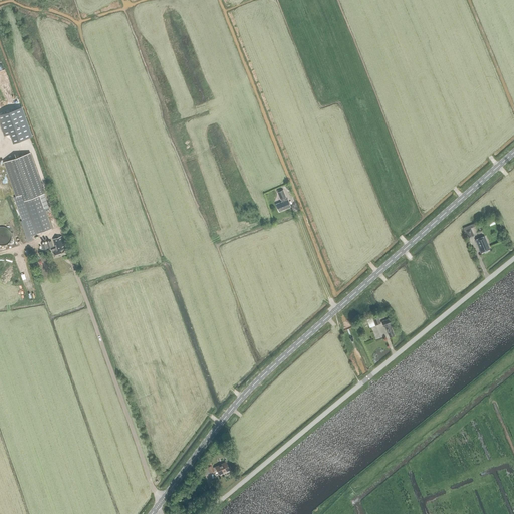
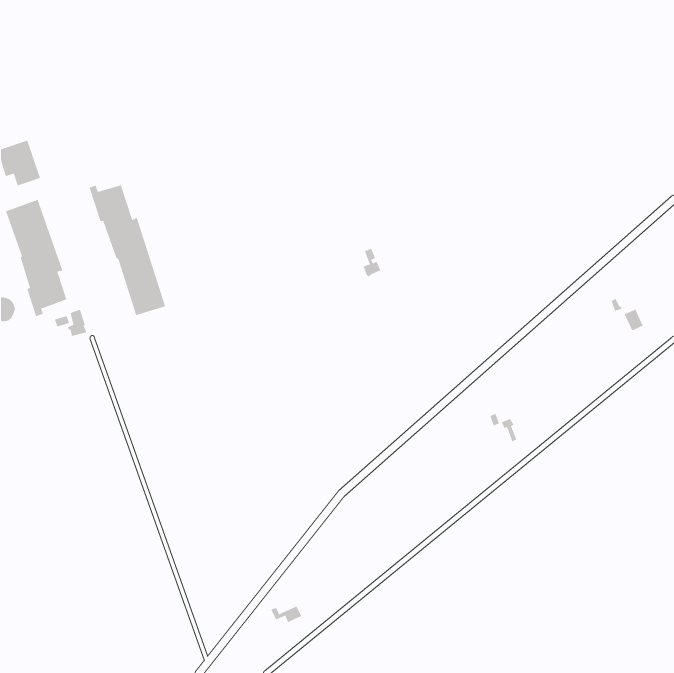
building: none -> [89,185,166,316]

